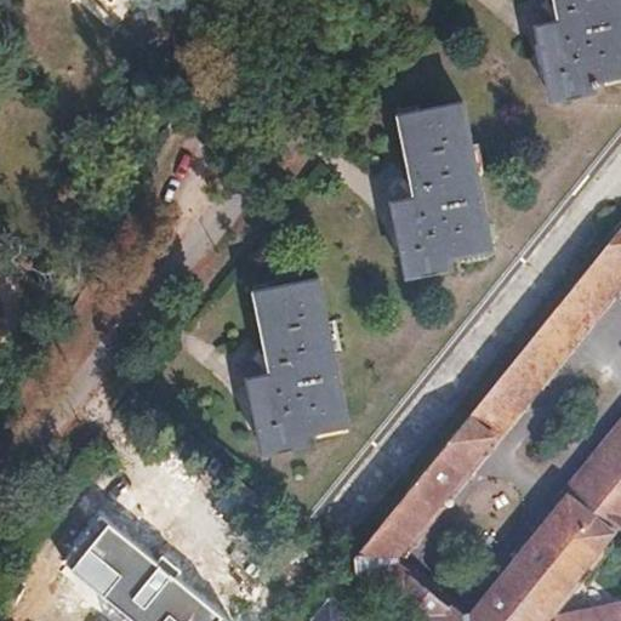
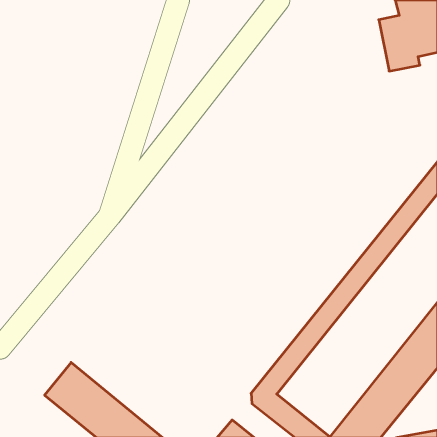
building: [389,102,490,279] -> none
building: [244,278,344,452] -> none

